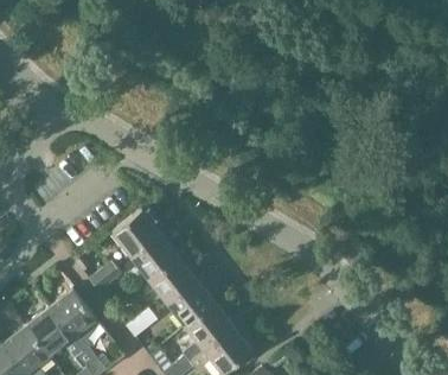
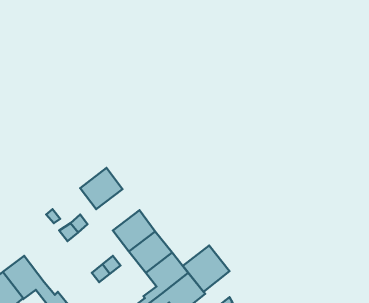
building: [130,233,179,279] -> none
building: [50,288,100,351] -> none
building: none -> [183,245,230,292]

